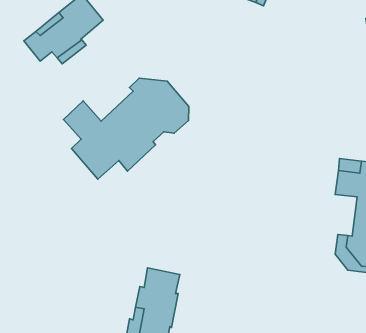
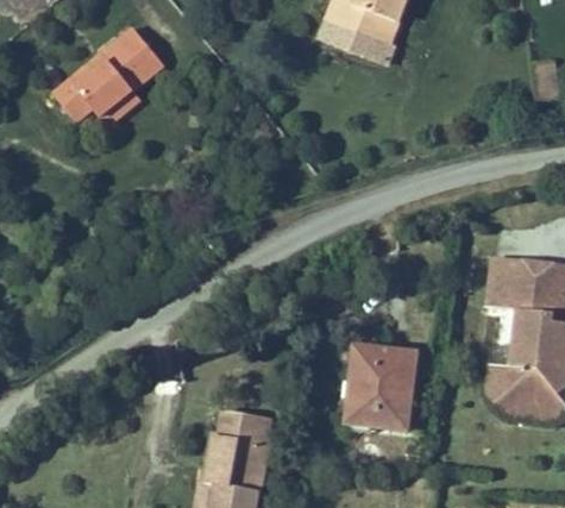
building: [64,78,189,179] -> none
building: none -> [352,347,415,428]

